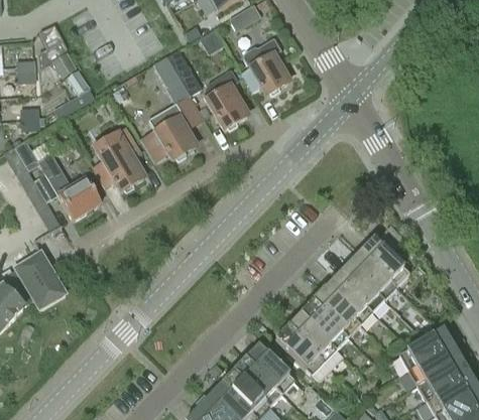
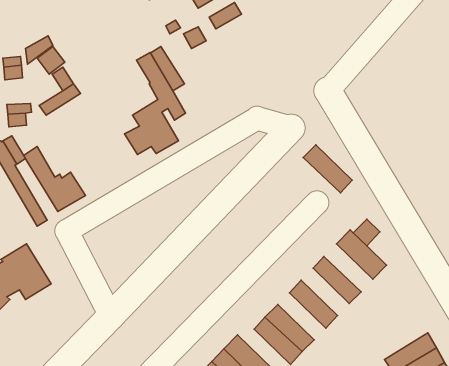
building: [240,38,289,95] -> none
building: [204,71,248,129] -> none
building: [94,128,145,190] -> none
building: [346,252,396,301] -> [303,145,352,193]
building: [323,277,372,325] -> none
building: [298,302,348,351] -> none
building: [399,328,453,371] -> none

